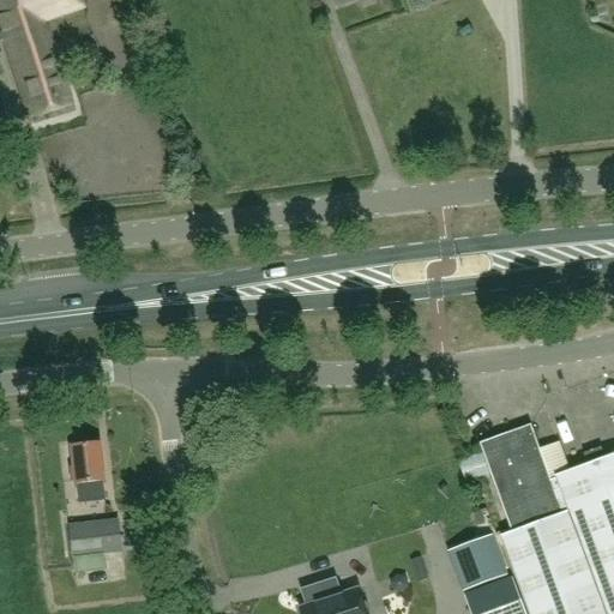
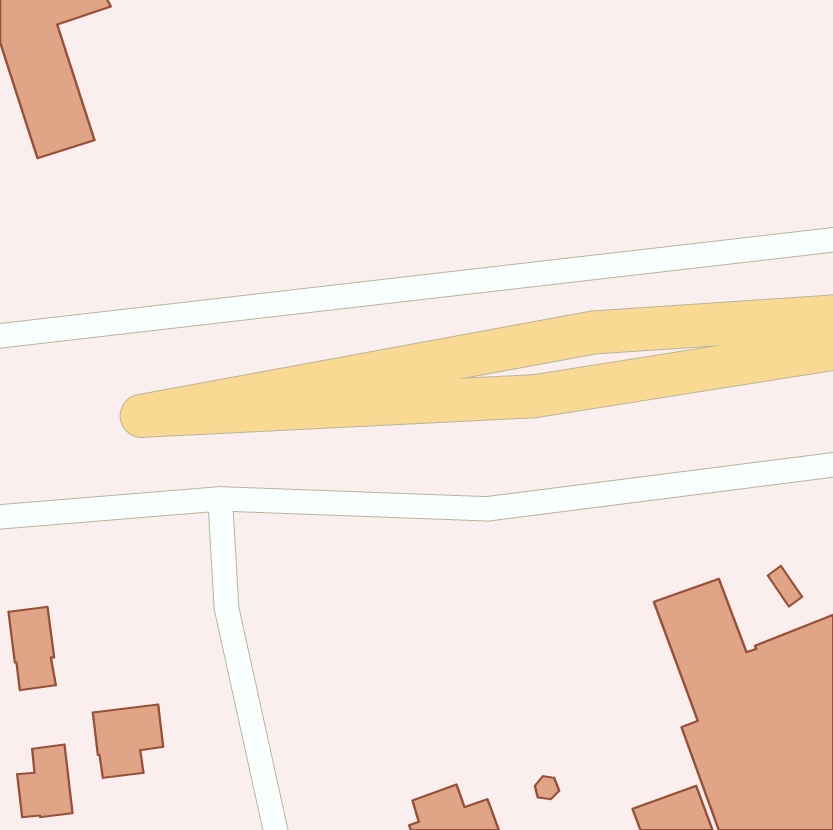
building: [72,441,107,502] -> [8,607,56,690]
building: [449,534,507,589] -> none
building: none -> [17,745,72,817]

